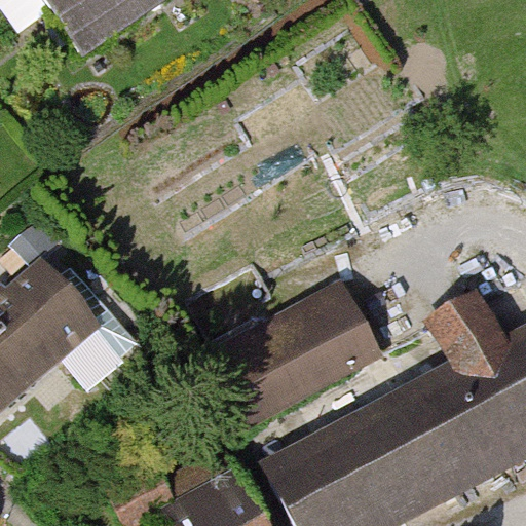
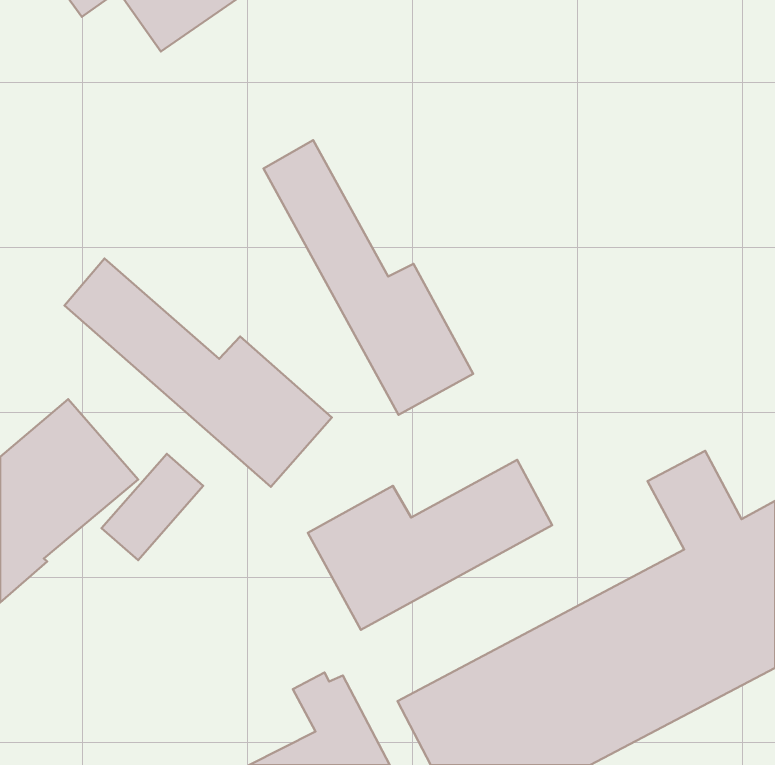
building: none -> [264,140,473,415]
building: none -> [65,259,332,487]

